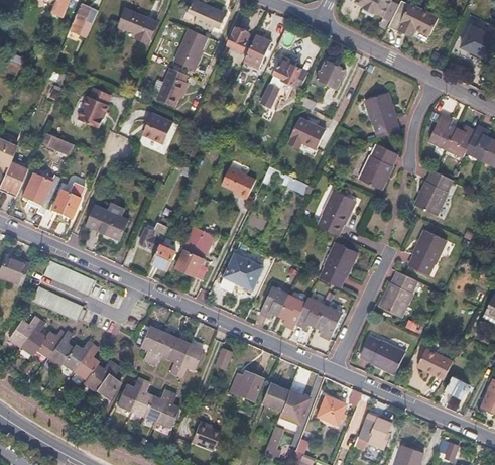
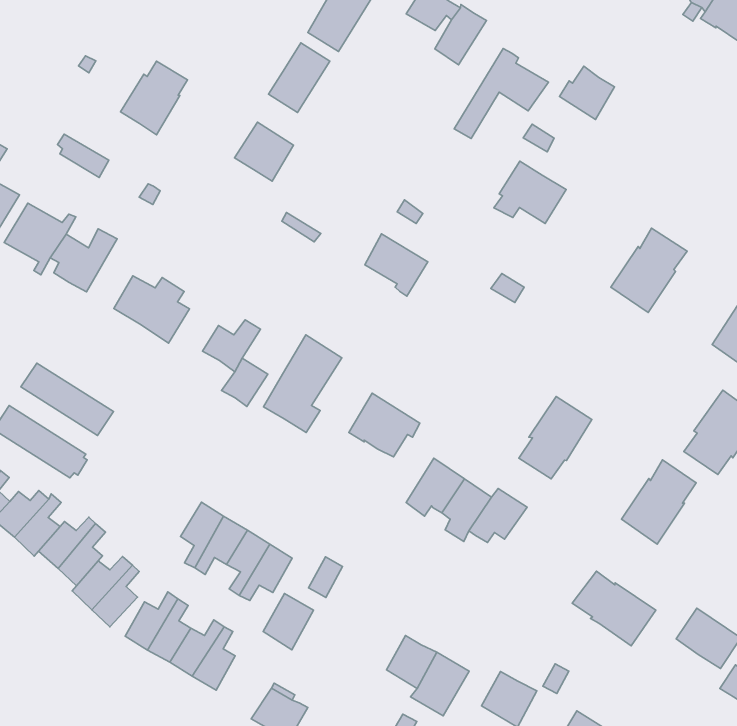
building: [363,92,396,136] -> none
building: [318,190,356,236] -> none
building: [317,305,343,338] -> none
building: [235,371,261,401] -> [263,594,314,650]

